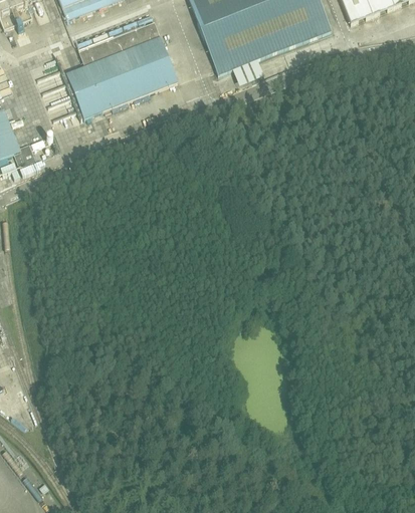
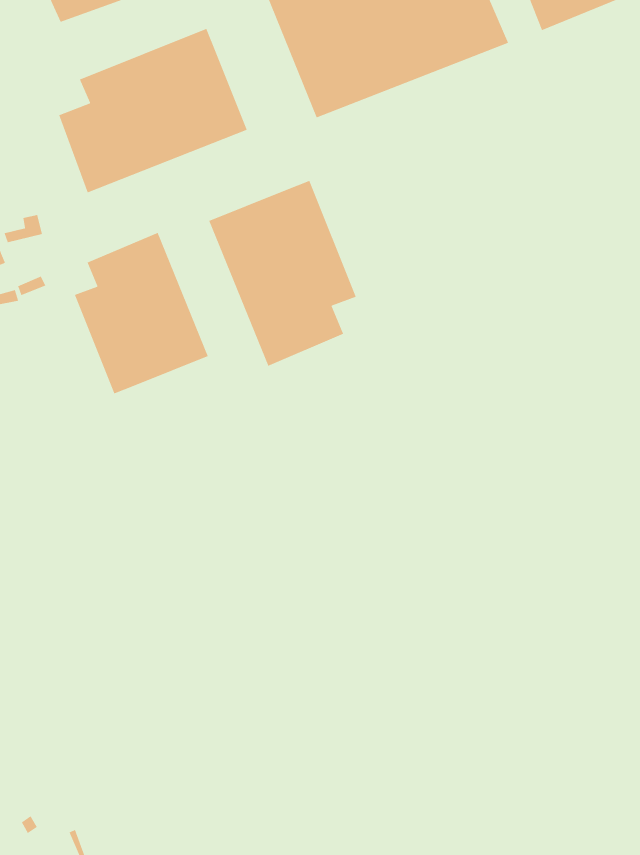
building: none -> [208,180,357,367]
building: none -> [74,232,209,395]

